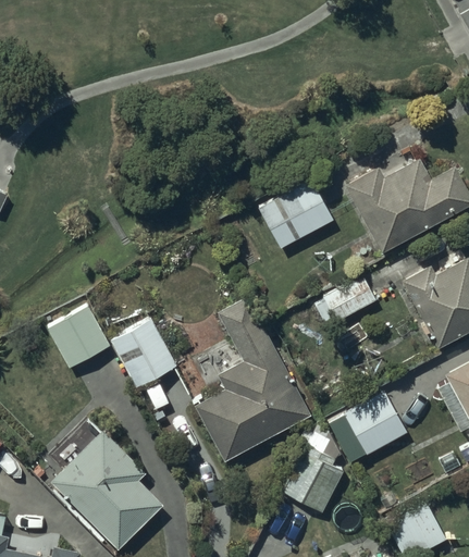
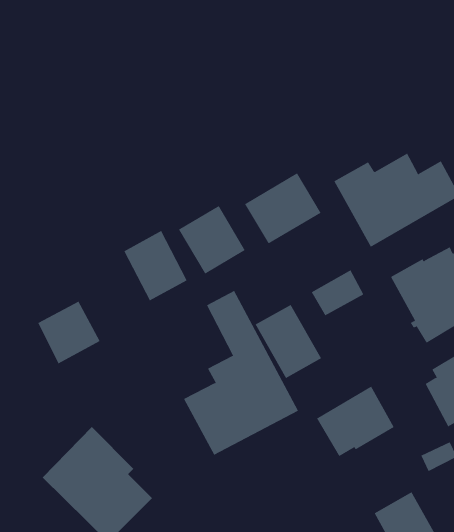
building: none -> [178,205,246,274]
building: none -> [255,304,322,379]
building: [112,318,176,388] -> [123,230,188,301]
building: [281,454,342,513] -> none

